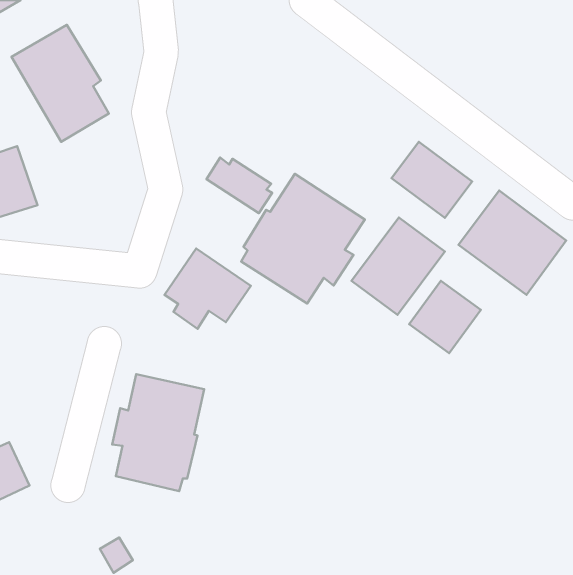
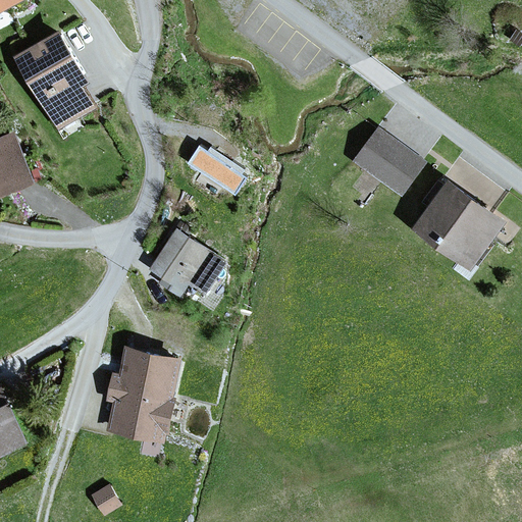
building: [241,174,365,304] -> none
building: [352,218,445,315] -> none
building: [409,281,481,353] -> none

